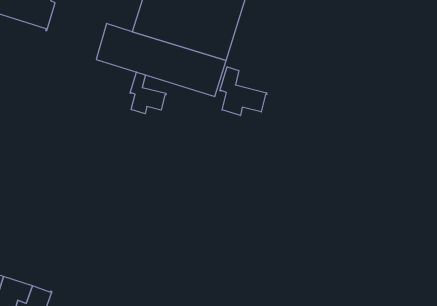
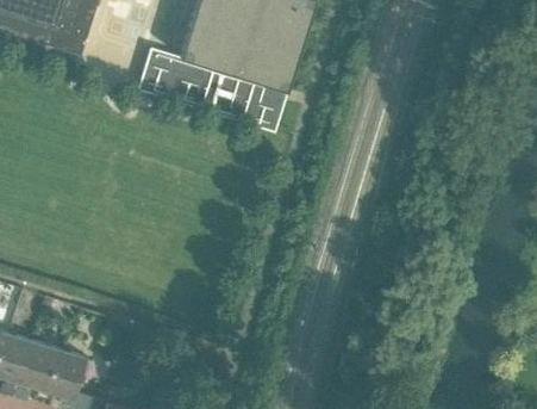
building: [220,67,267,116] -> none
building: [130,72,166,114] -> none

